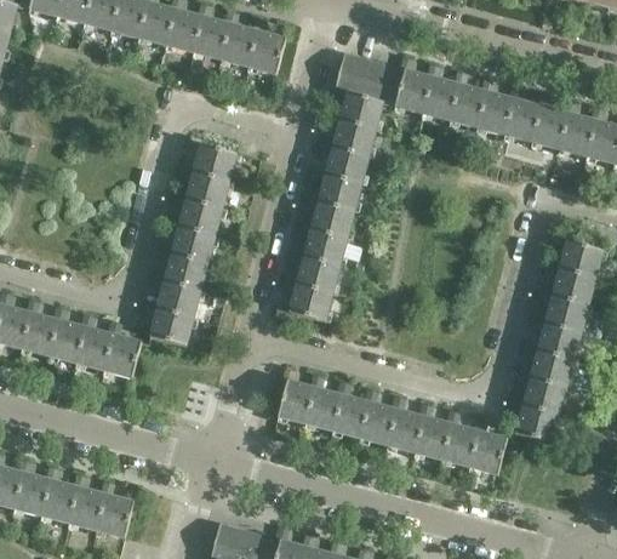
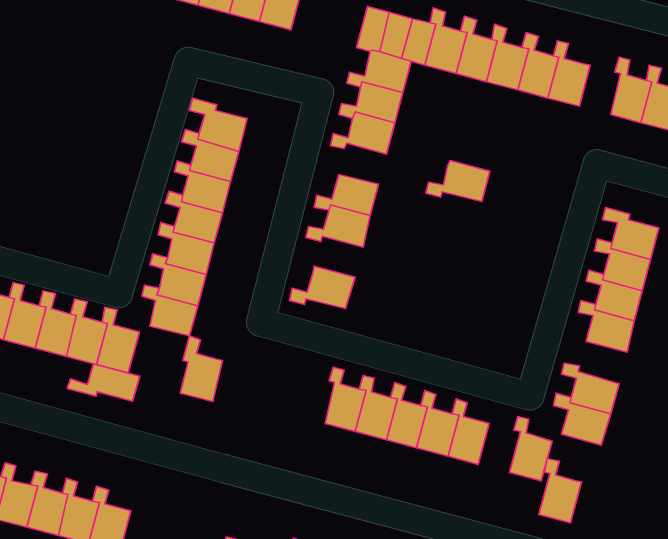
building: [532,91,569,149] -> none
building: [304,175,361,211] -> [426,160,490,201]
building: [282,257,341,293] -> none
building: [524,342,575,388] -> none
building: [278,365,315,423] -> [180,336,222,401]
building: none -> [67,364,140,401]
building: [442,410,480,467] -> [539,459,581,523]

